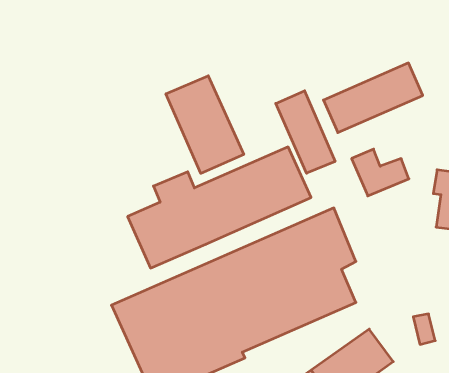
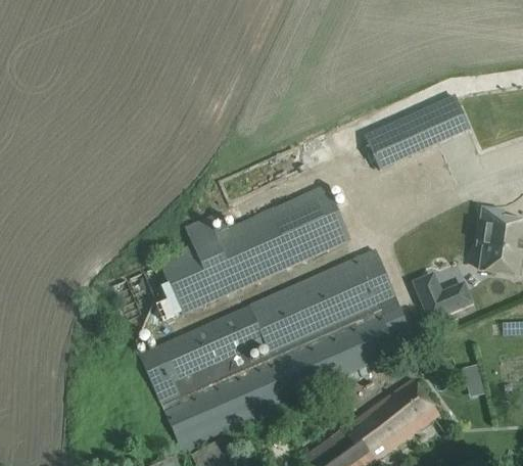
building: [166,76,244,173] -> none
building: [276,91,335,173] -> none
building: [352,149,409,196] -> [412,270,473,320]

